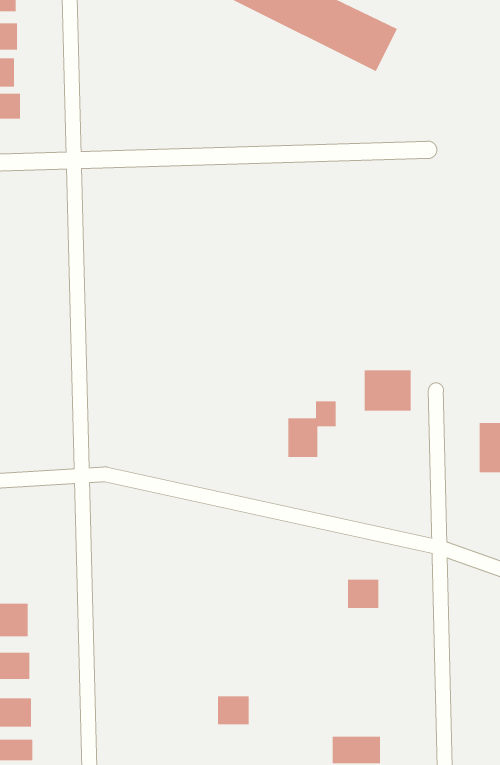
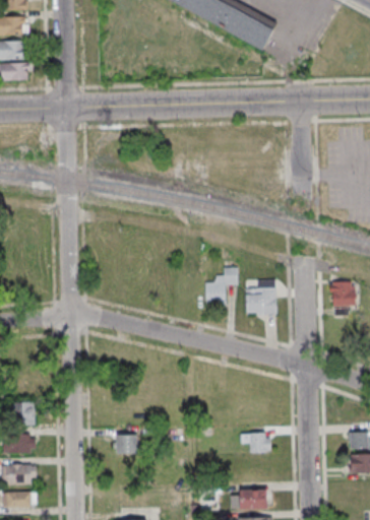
building: [364,370,411,411] -> [245,286,276,314]
building: [347,579,379,608] -> [249,433,270,452]
building: [217,696,249,725] -> [116,434,137,453]

